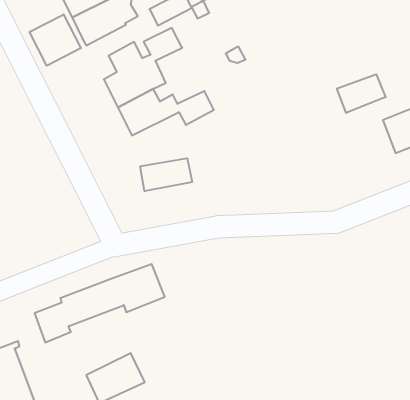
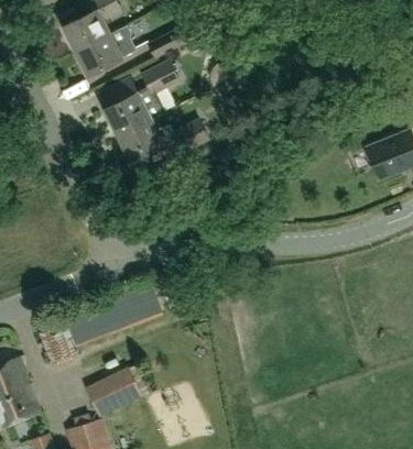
building: [30,14,81,66] -> none
building: [337,74,386,113] -> none
building: [140,158,192,191] -> none

